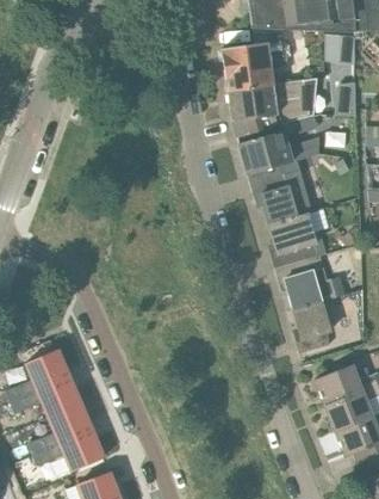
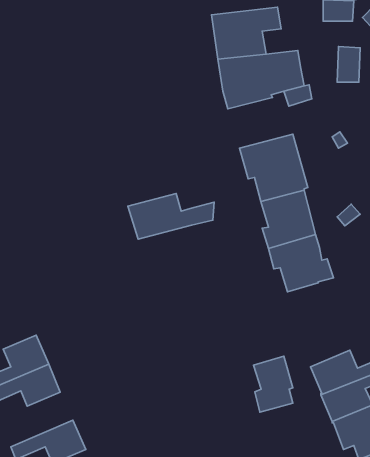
building: [240,130,321,173] -> [128,193,214,239]
building: [294,300,331,352] -> [253,356,293,412]
building: [30,402,93,454] -> none

